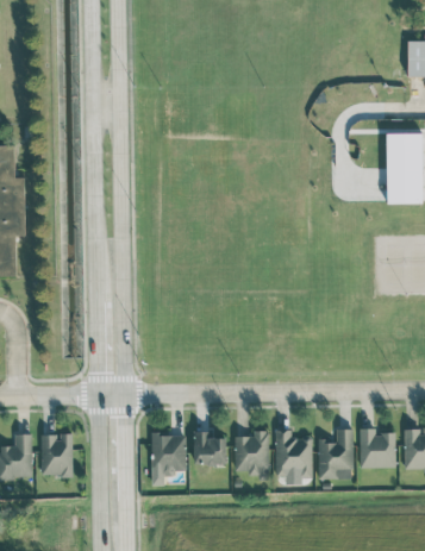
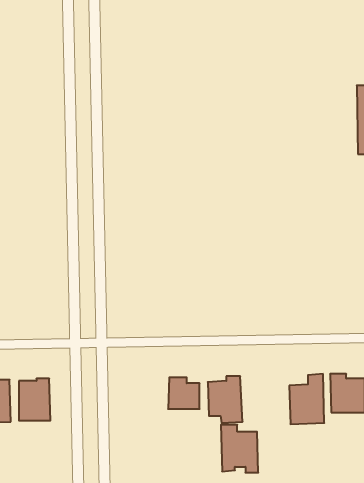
building: [275,428,313,477] -> [221,425,258,473]
building: [151,433,187,484] -> none

